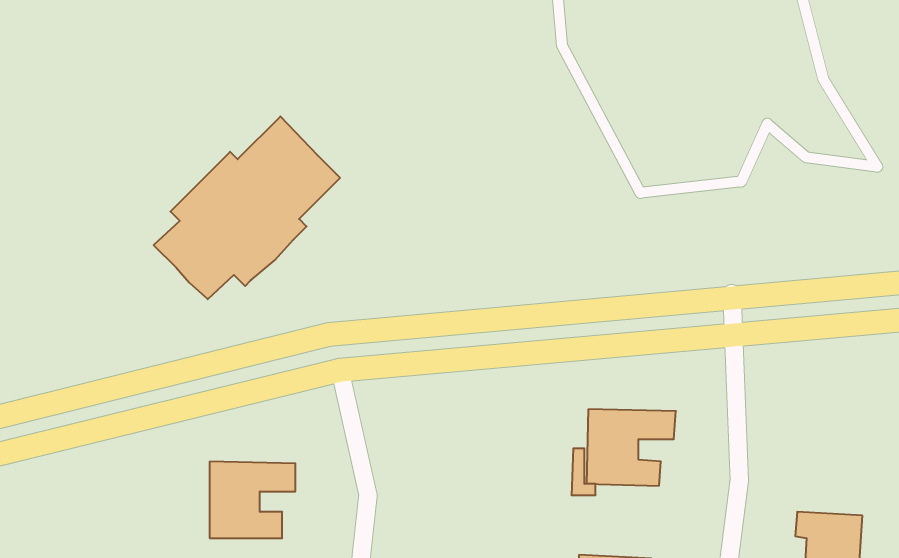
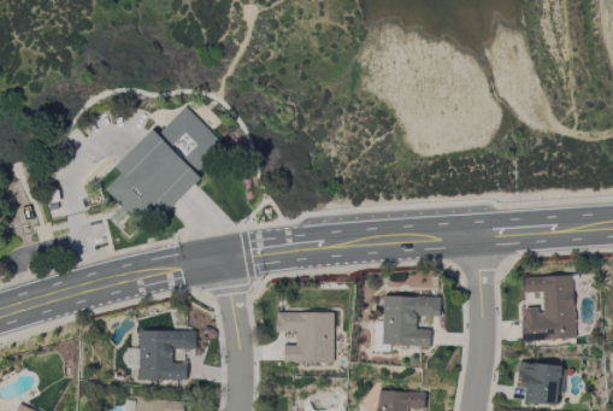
building: none -> [523,275,576,340]
building: none -> [276,311,334,362]

